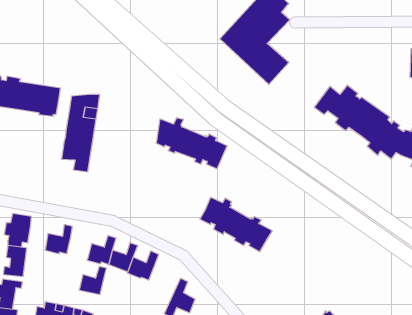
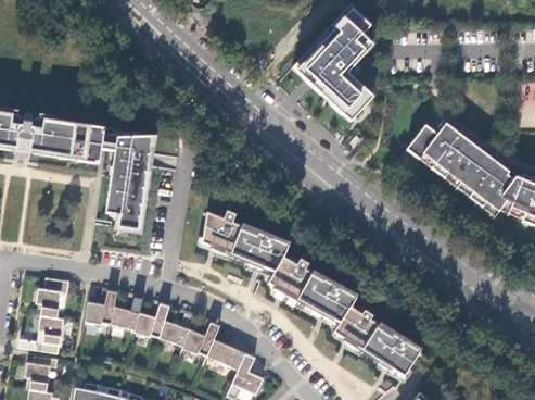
building: [156,118,227,169] -> [203,212,288,273]
building: none -> [334,307,419,376]
building: [79,266,106,295] -> [111,297,143,330]
building: none -> [208,340,246,371]

